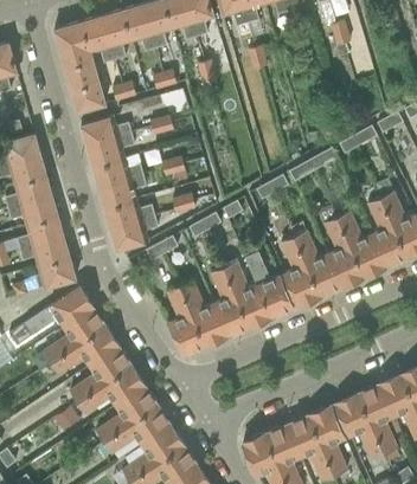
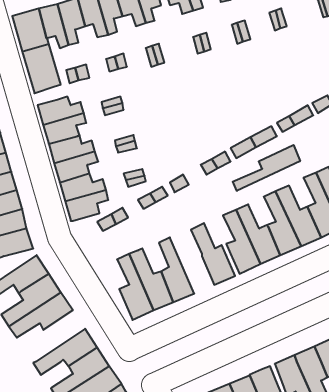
building: none -> [233,145,300,191]
building: [224,262,271,328] -> none
building: [69,346,133,402] -> none

